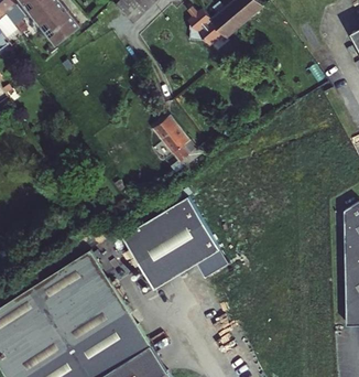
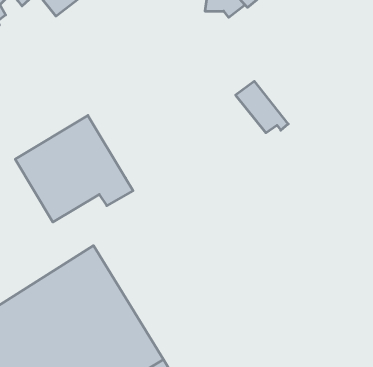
building: [154,116,200,161] -> [236,81,288,133]
building: [122,197,226,291] -> [15,115,133,222]

